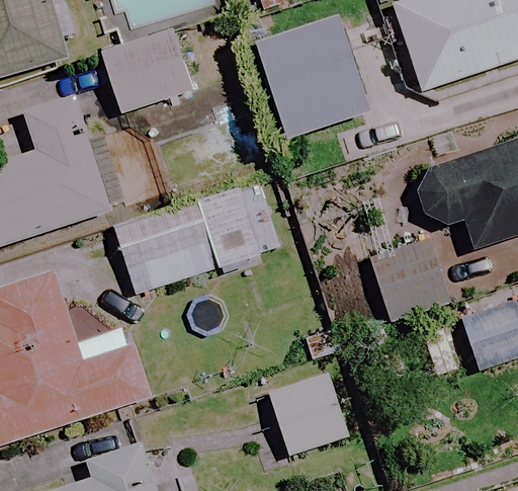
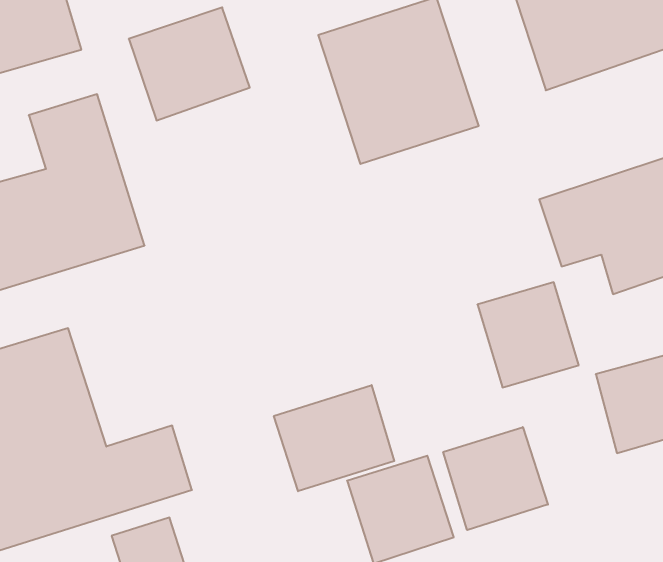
building: [112,174,281,294] -> none
building: none -> [274,385,394,491]
building: none -> [443,427,548,530]

